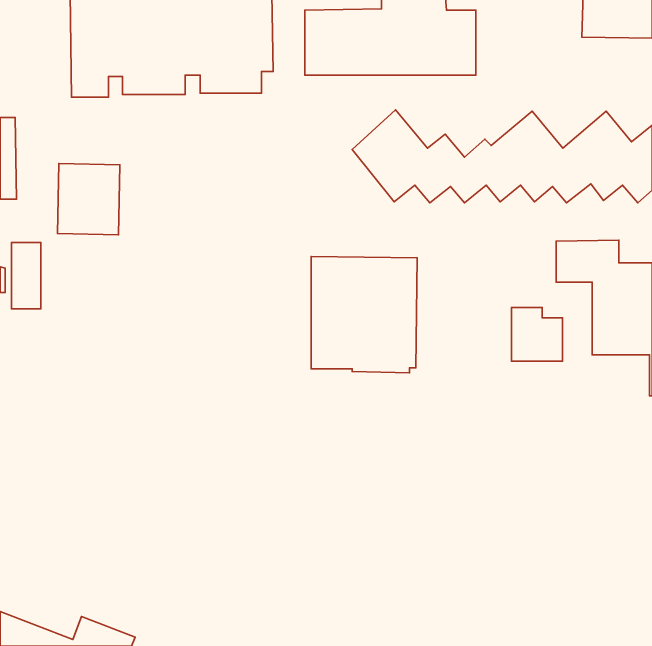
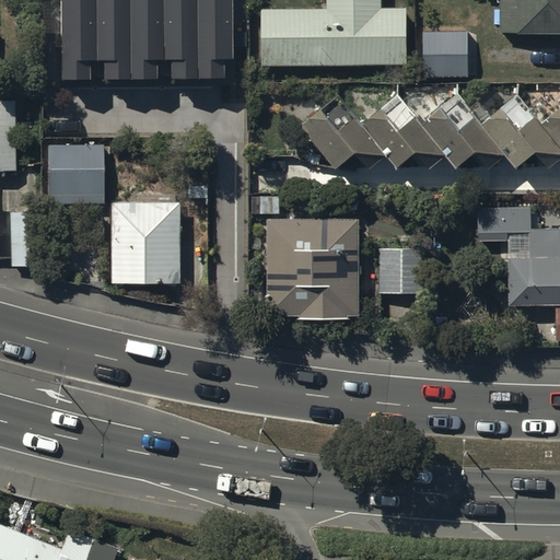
building: none -> [424,26,478,78]
building: none -> [112,201,180,283]
building: [511,308,562,361] -> [380,246,423,292]

